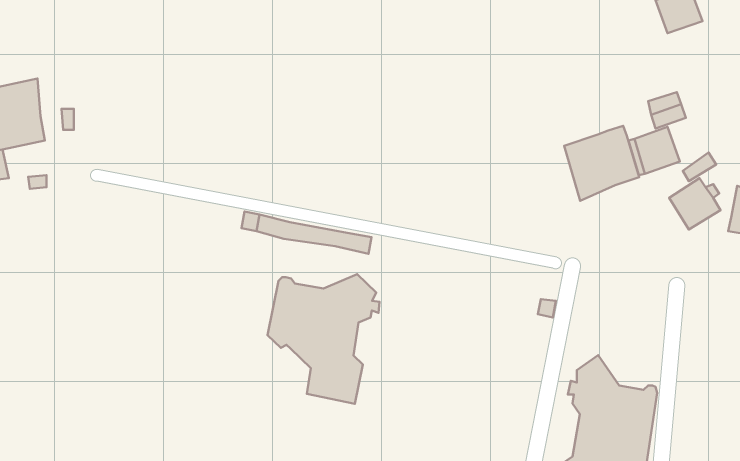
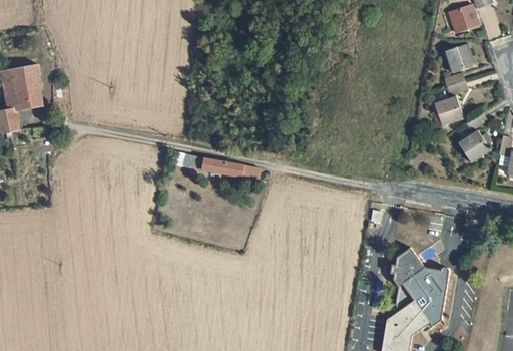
building: none -> [444,43,475,73]
building: [564,126,639,201] -> none
building: [267,274,379,404] -> none

